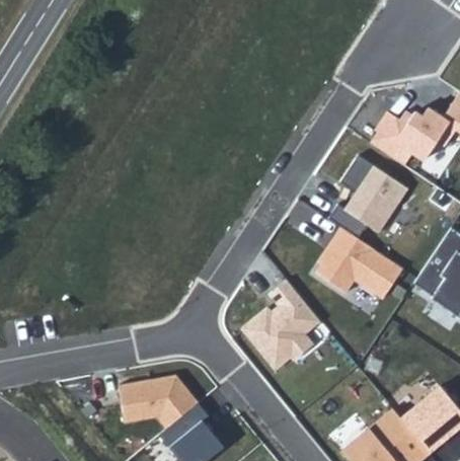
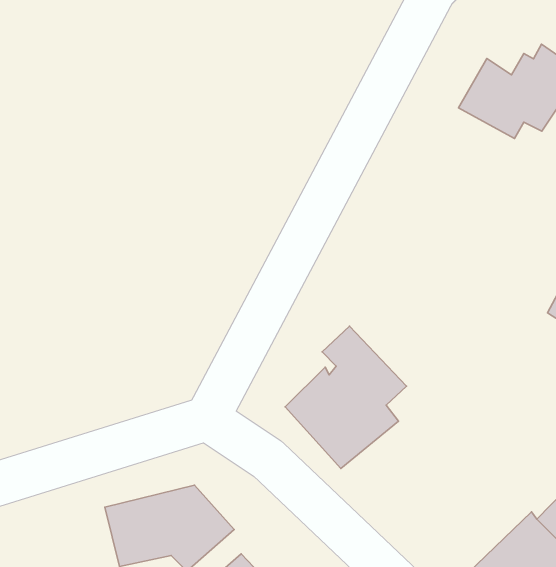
building: [341,155,408,232] -> none
building: [312,229,404,301] -> none

